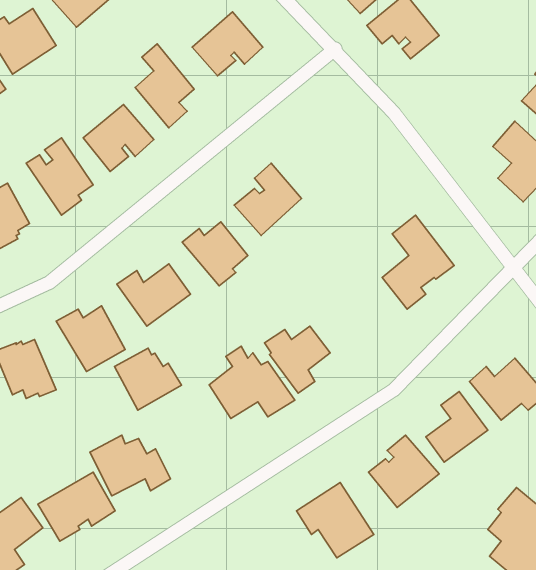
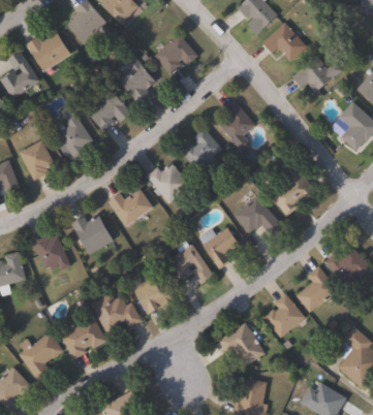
building: none -> [290,57,342,93]
building: none -> [217,100,254,151]
building: none -> [234,196,280,233]
building: [114,348,182,410] -> [132,277,174,315]

